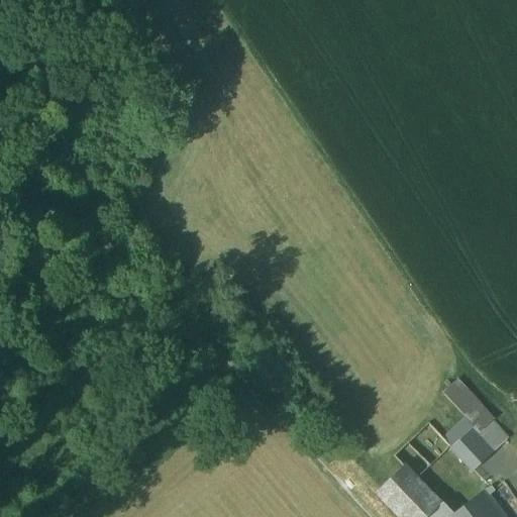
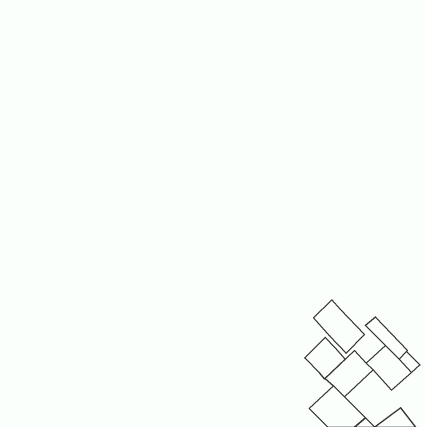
building: none -> [314,300,364,353]
building: none -> [305,337,345,379]

